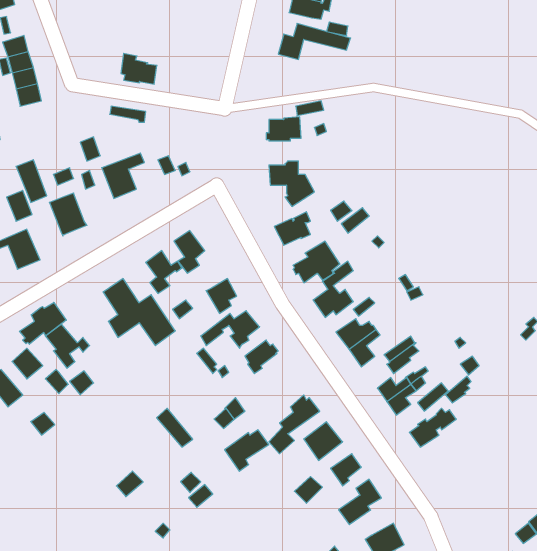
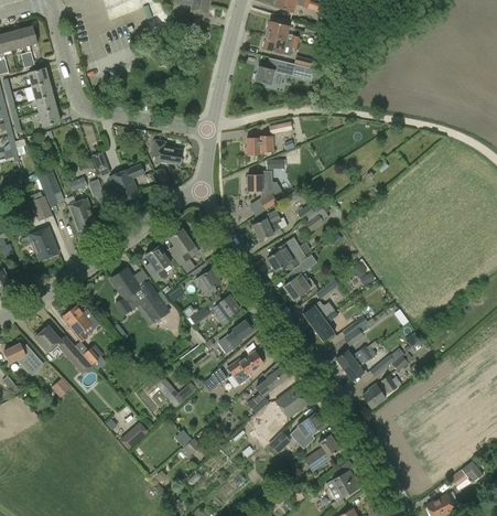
building: [121,53,157,84] -> [152,139,182,164]
building: [20,302,66,344] -> none
building: [225,430,269,471] -> [227,351,263,385]

